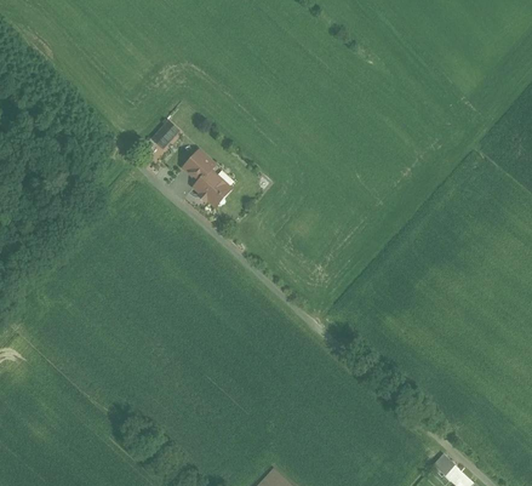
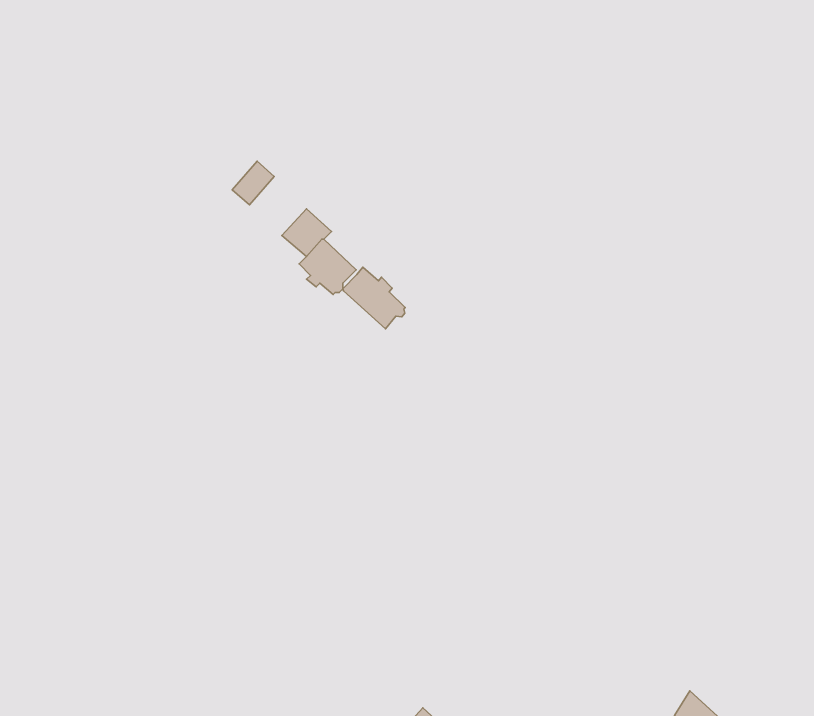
building: none -> [343,267,405,329]

